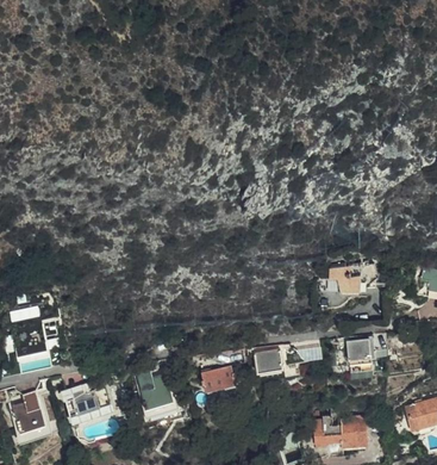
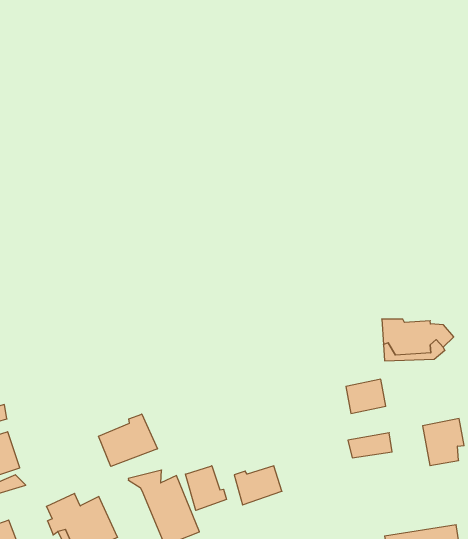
building: none -> [99,414,157,466]
building: [254,348,282,372] -> [346,379,386,413]
building: none -> [185,466,226,510]

